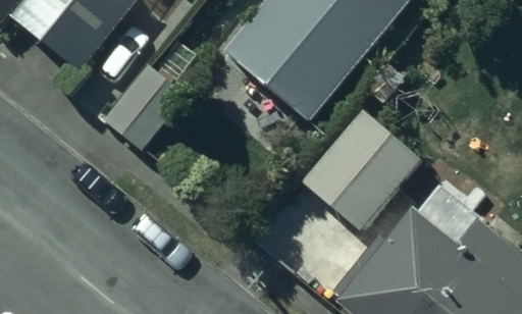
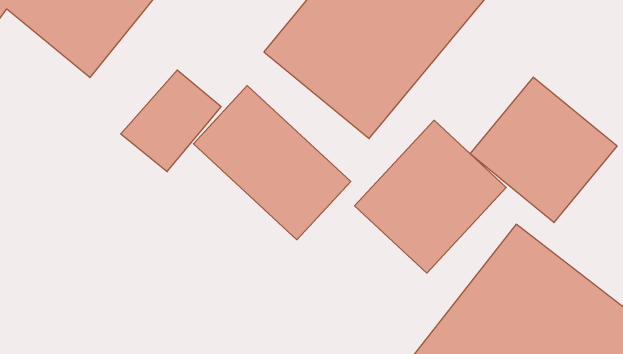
building: none -> [470,77,617,223]
building: none -> [193,86,351,240]

